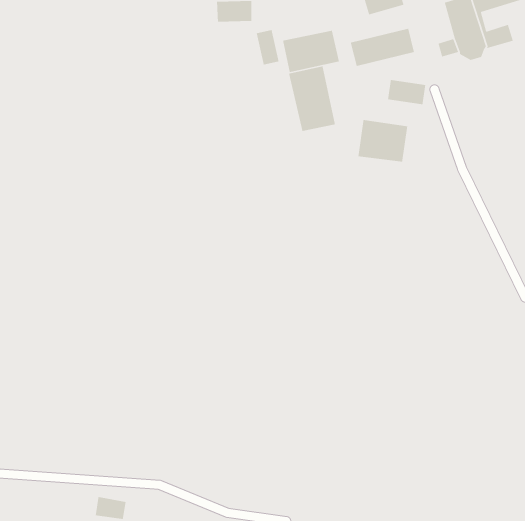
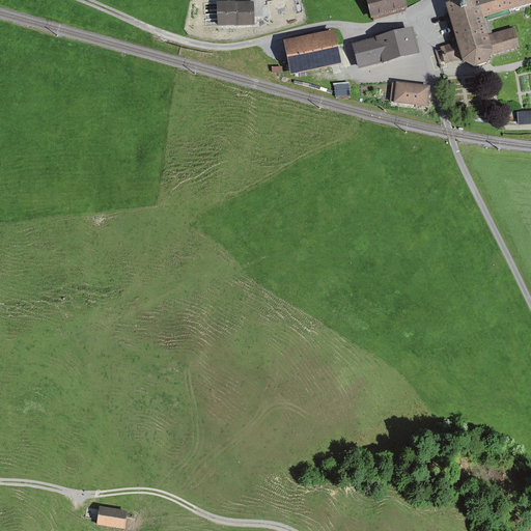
building: [256,29,280,66] -> none
building: [288,66,336,132] -> none
building: [358,119,408,162] -> none

